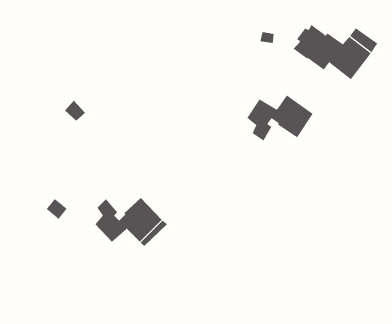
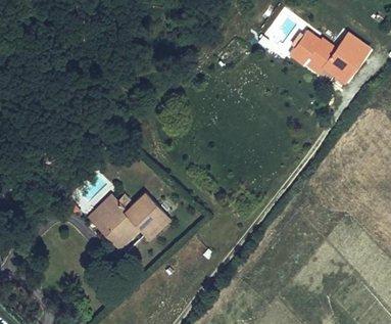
building: [246,95,314,142] -> none
building: none -> [88,203,138,249]

